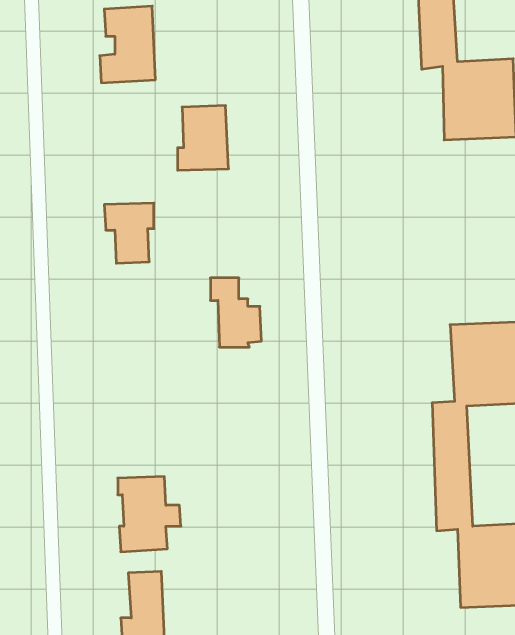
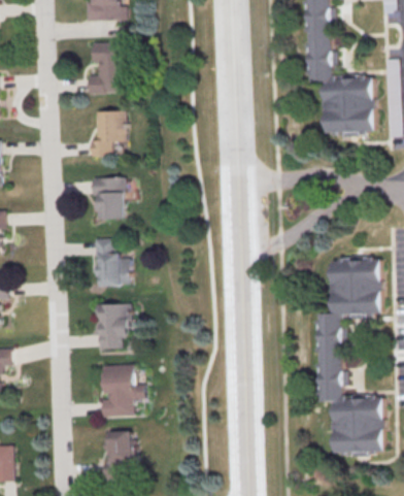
building: [178,106,229,170] -> [90,110,125,155]
building: [210,278,261,347] -> [94,238,129,286]
building: none -> [97,303,130,349]

